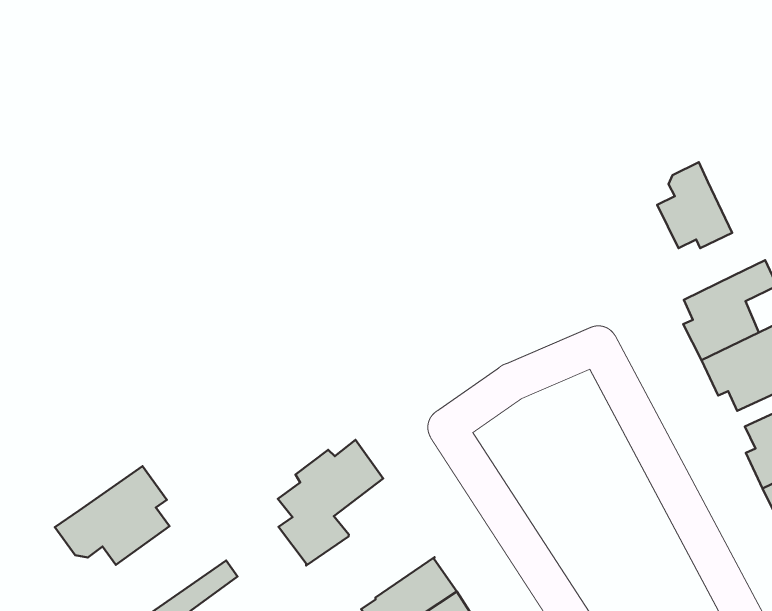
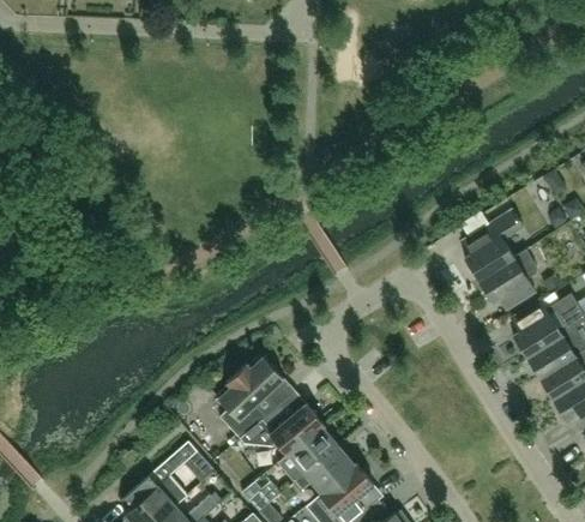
building: [657,162,732,248] -> none
building: [55,466,169,565] -> none
building: none -> [240,403,324,455]

